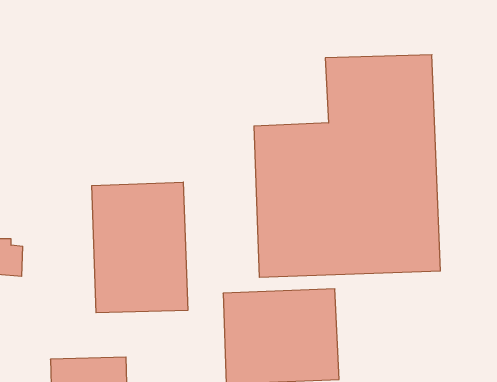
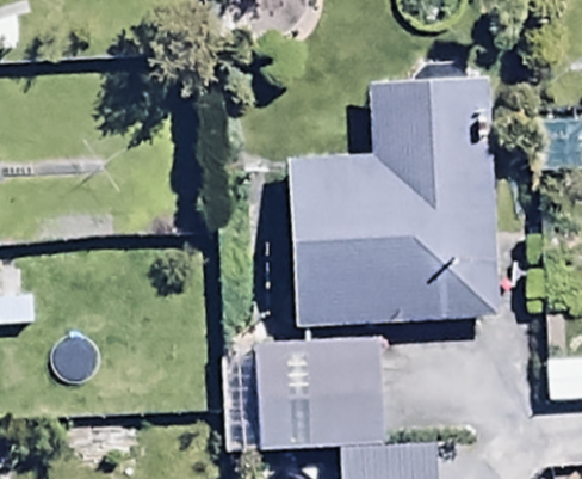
building: [92,182,188,313] -> none

